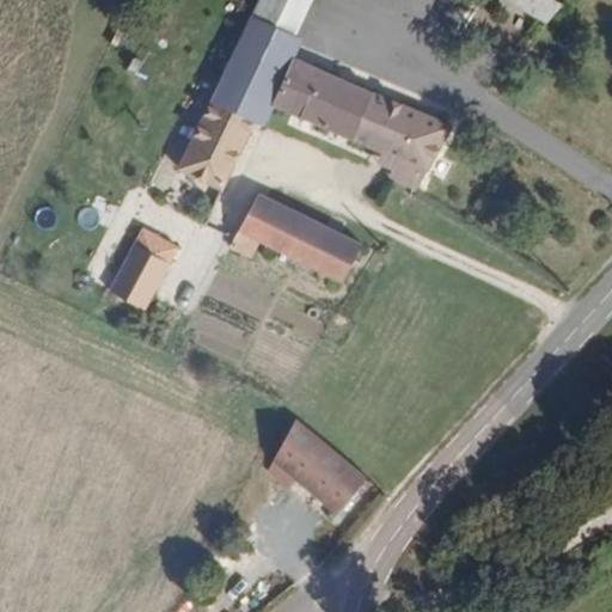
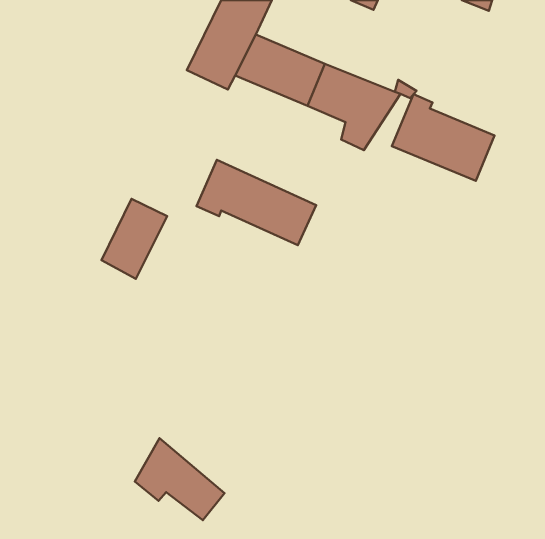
building: [176,92,259,189] -> none
building: none -> [392,94,494,181]
building: [265,421,365,512] -> [135,438,224,520]

